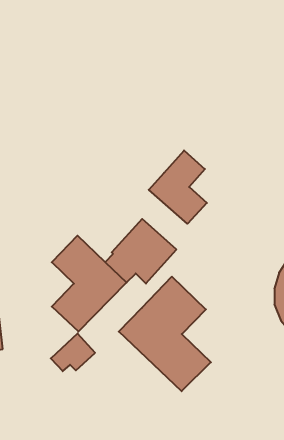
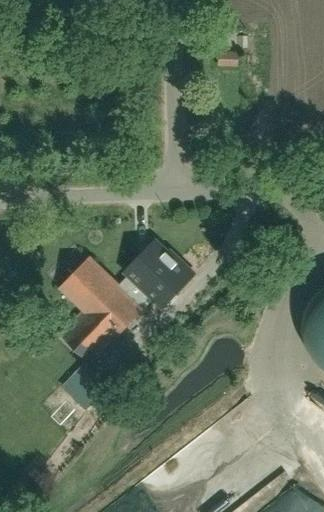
building: [149,150,207,224] -> none
building: [119,277,211,391] -> none

